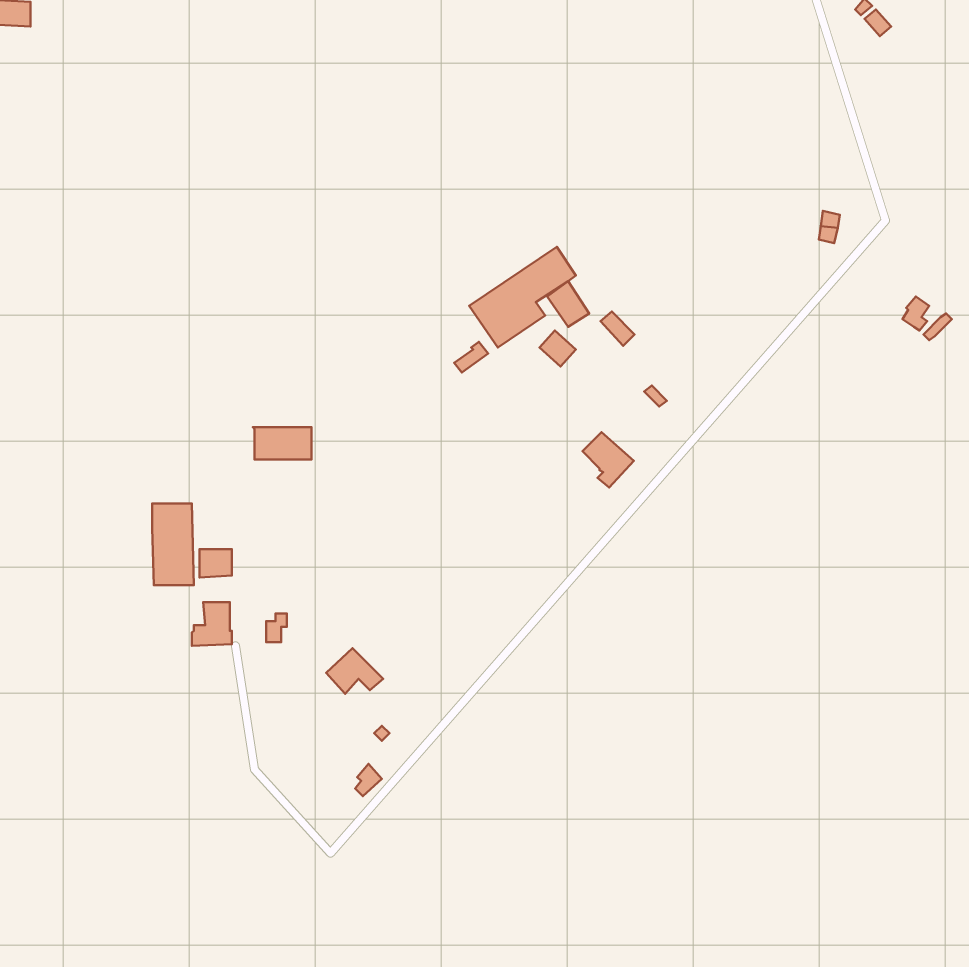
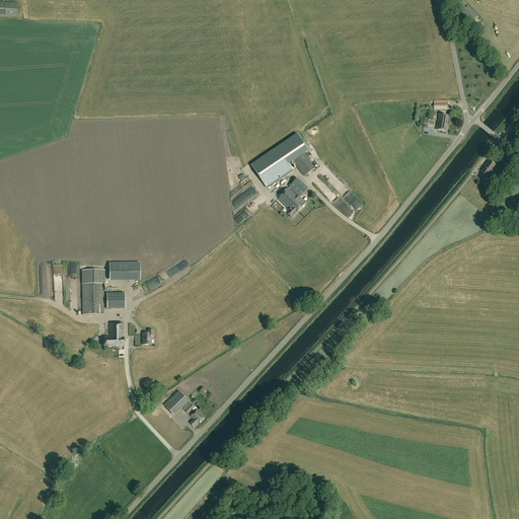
building: [253,427,312,459] -> [107,262,139,279]
building: [582,432,634,487] -> [278,187,305,216]
building: [326,648,383,694] -> [164,389,195,414]

